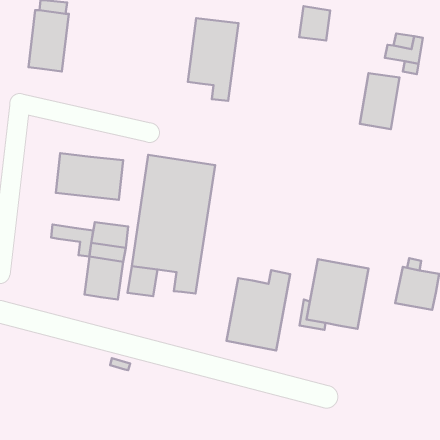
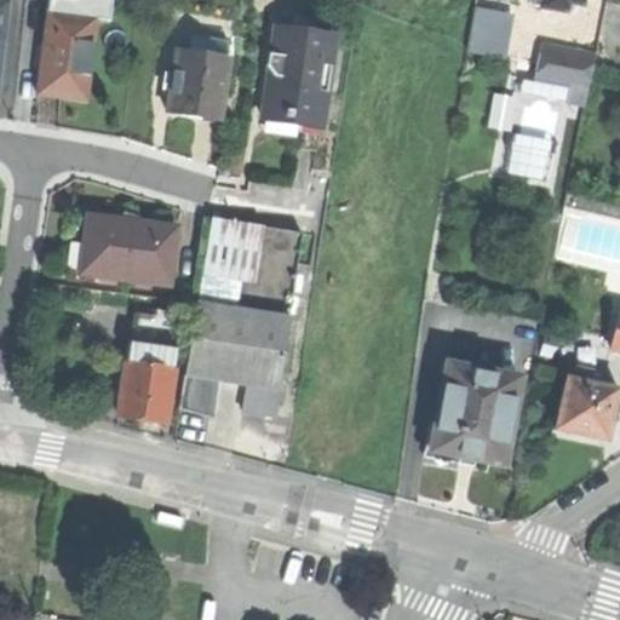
building: [299,6,330,41] -> [469,5,512,53]
building: none -> [167,39,229,120]
building: [51,224,93,256] -> none
building: [227,270,290,351] -> none

